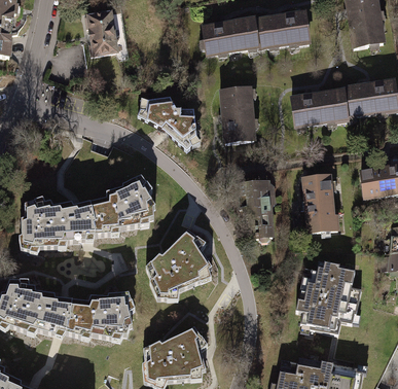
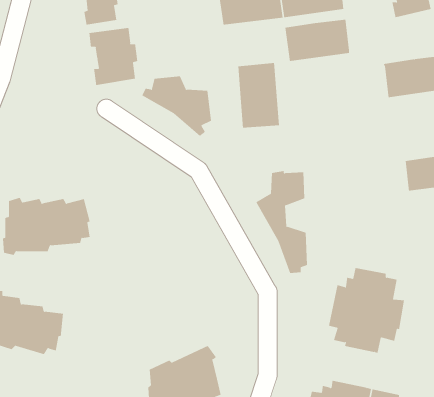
building: none -> [89,27,138,86]
building: [291,90,347,126] -> [284,19,350,61]
building: [302,175,338,232] -> none
building: [89,176,156,235] -> none
building: [146,229,212,297] -> none
building: [66,292,133,338] -> none

